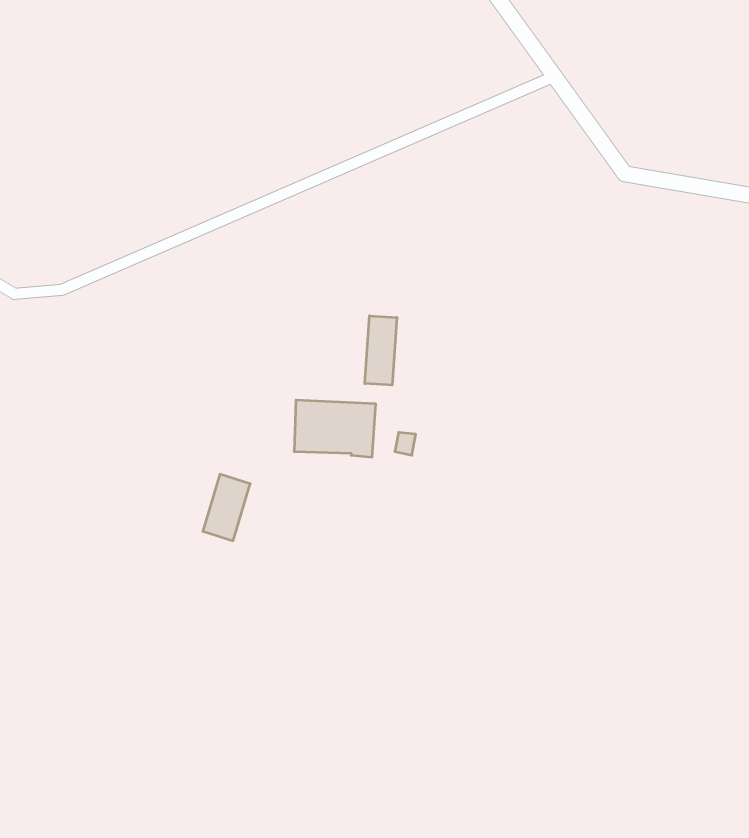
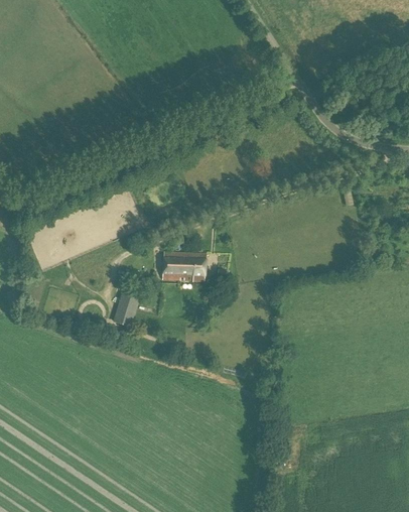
building: [365,316,397,385] -> none

